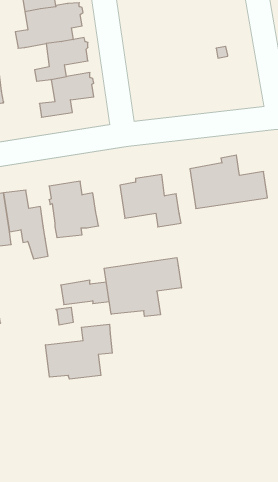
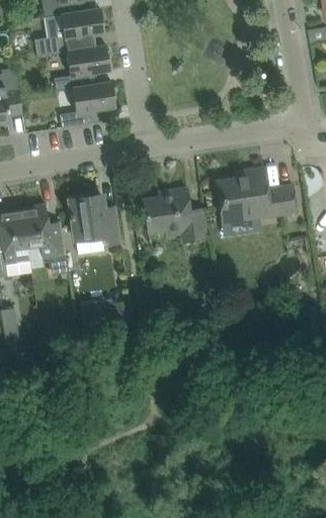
building: [104,258,181,316] -> none
building: [46,324,112,379] -> none

